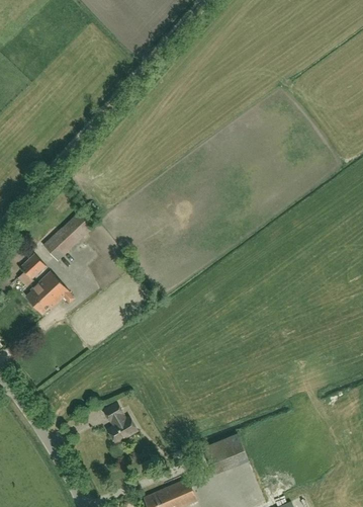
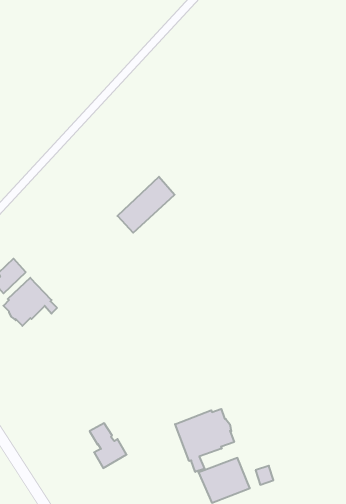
building: [42,210,94,261] -> [117,177,175,233]
building: none -> [175,409,234,472]

